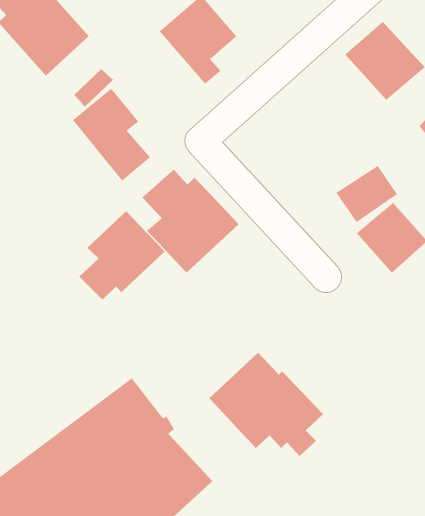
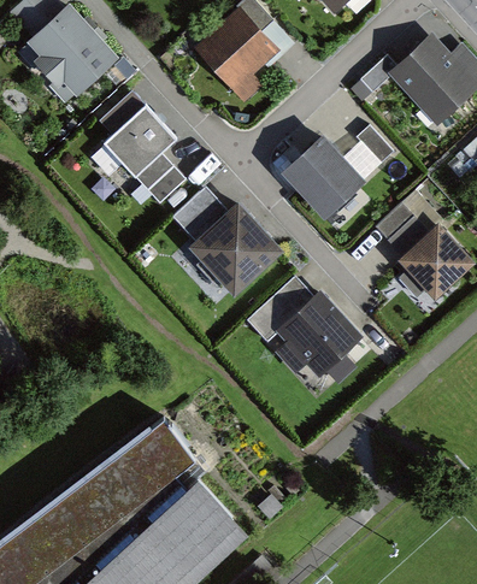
building: none -> [276,136,361,222]
building: [78,210,166,300] -> none
building: [208,352,324,457] -> [247,273,367,383]

